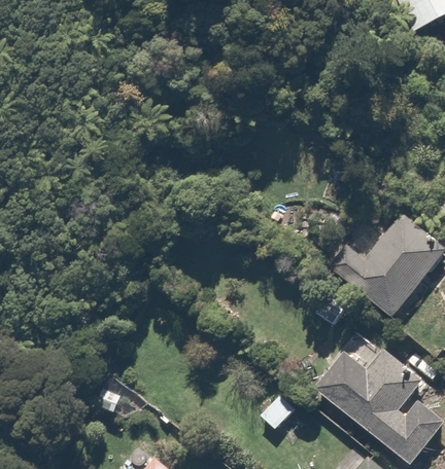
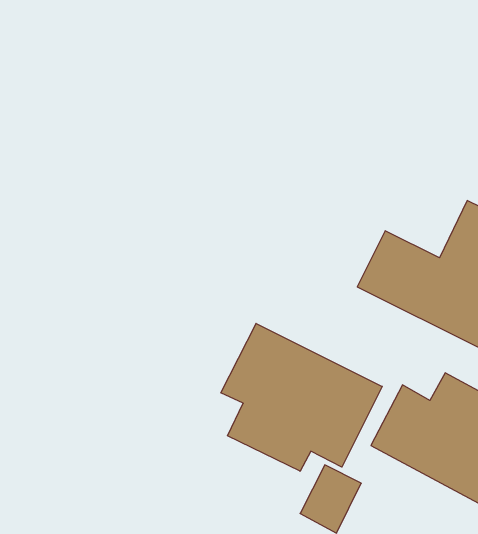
building: none -> [221,323,382,471]

